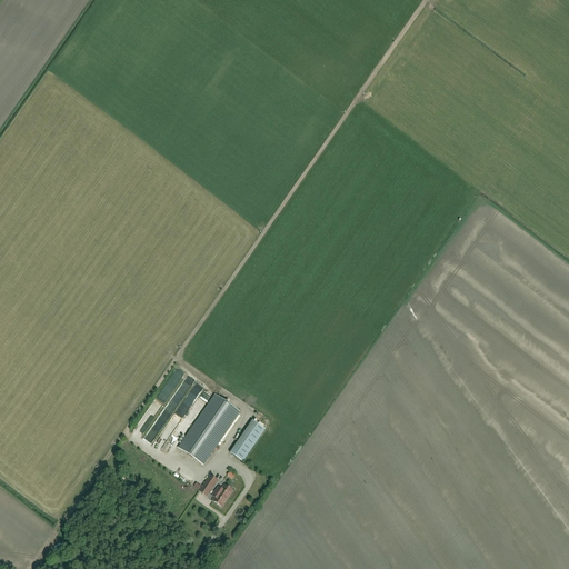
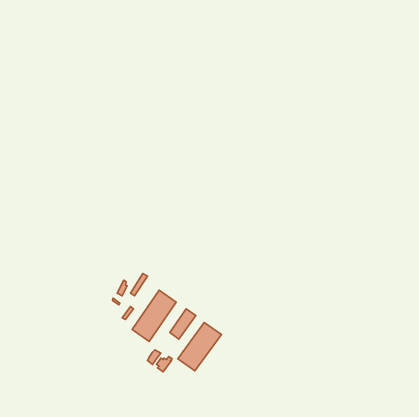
building: none -> [178,322,221,371]

